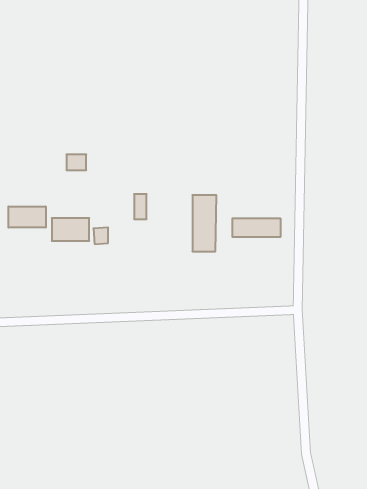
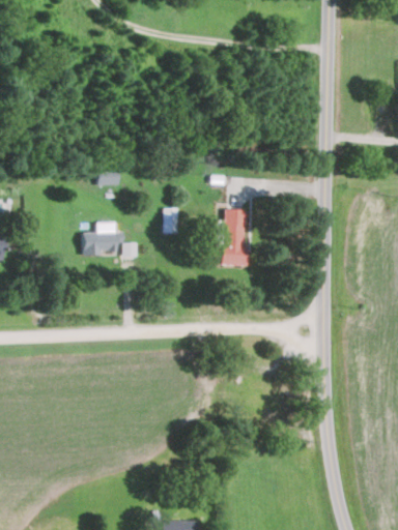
building: [8,206,46,228] -> none
building: [232,218,280,237] -> none

